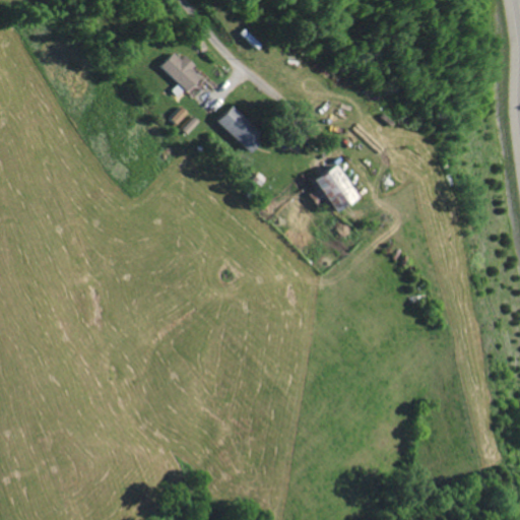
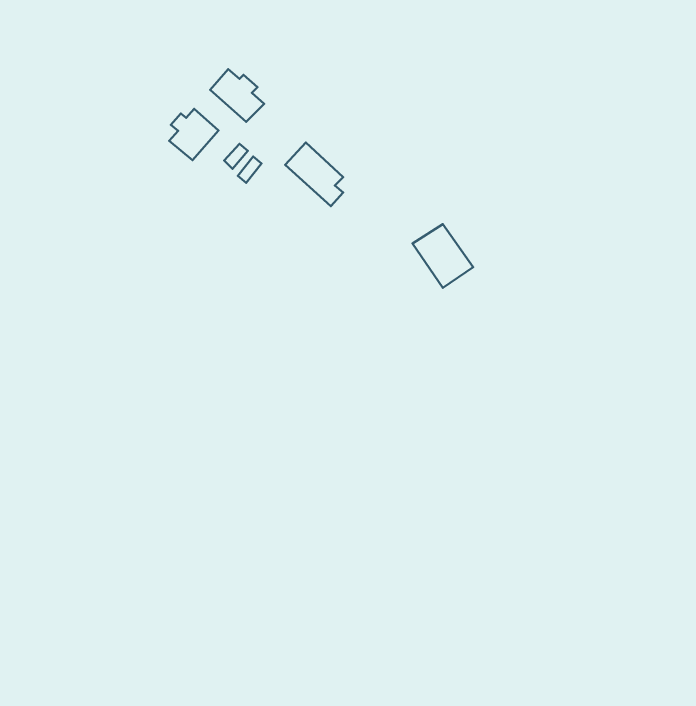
building: none -> [169,109,218,160]

